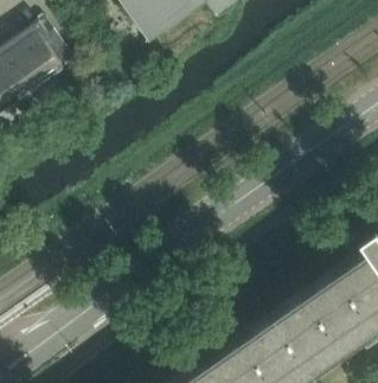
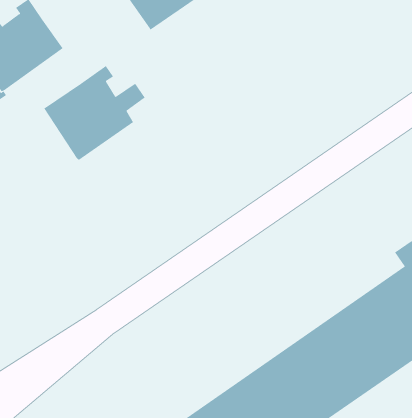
building: none -> [44,65,145,161]

